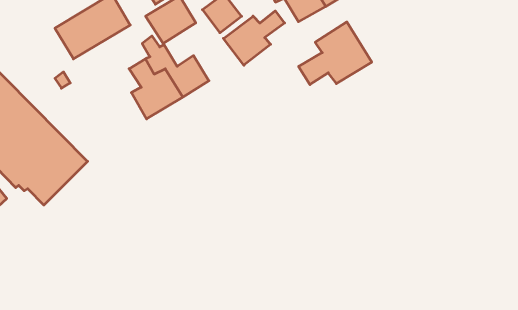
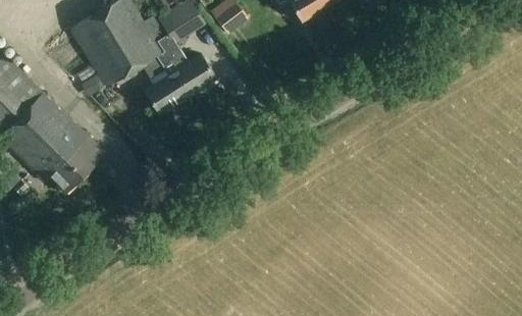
building: [223,11,285,65] -> none
building: [299,22,372,85] -> none
building: none -> [91,27,162,88]

